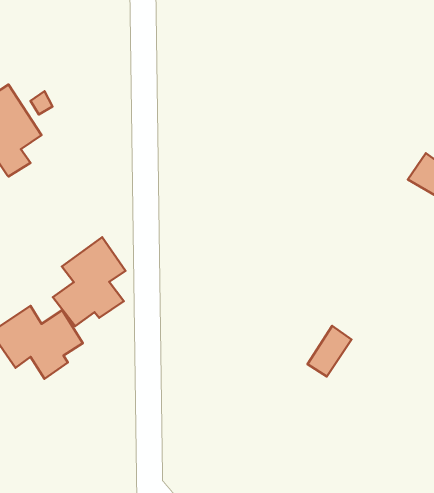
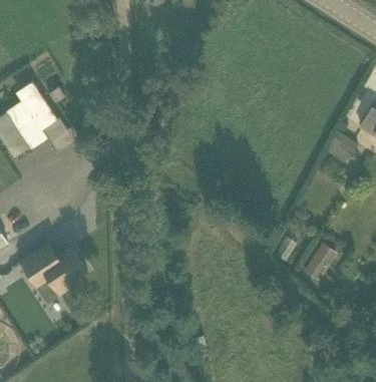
building: [53,237,125,326] -> none
building: [307,326,351,377] -> [304,243,336,280]

